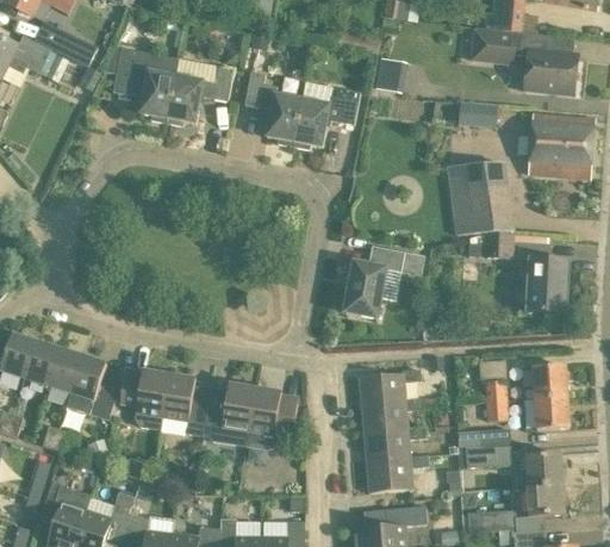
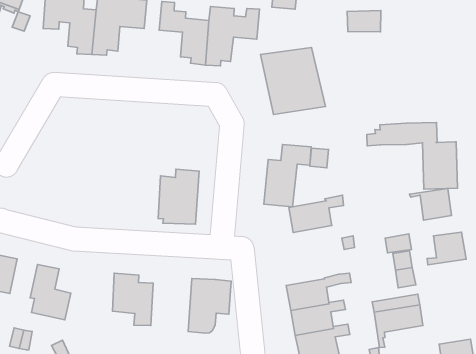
building: [528,113,595,176] -> none
building: [447,162,515,234] -> [260,47,325,114]
building: [48,347,82,392] -> none
building: [119,368,168,430] -> none
building: [359,368,421,405] -> [289,195,344,232]
building: [204,383,255,447] -> [158,169,199,224]
building: [523,394,568,428] -> [409,188,452,220]
building: [518,452,564,487] -> none

